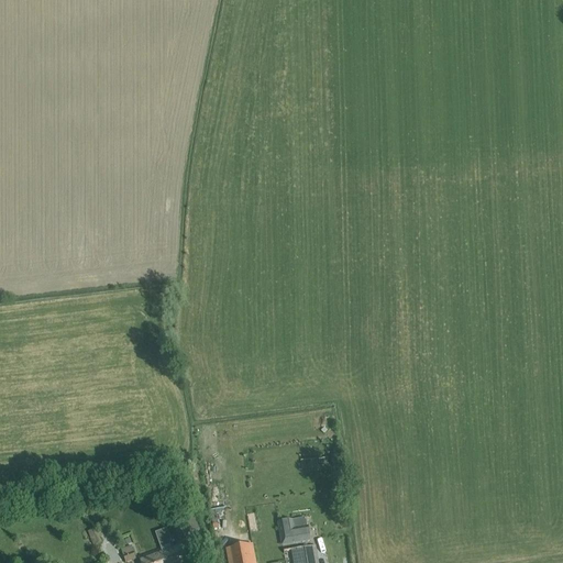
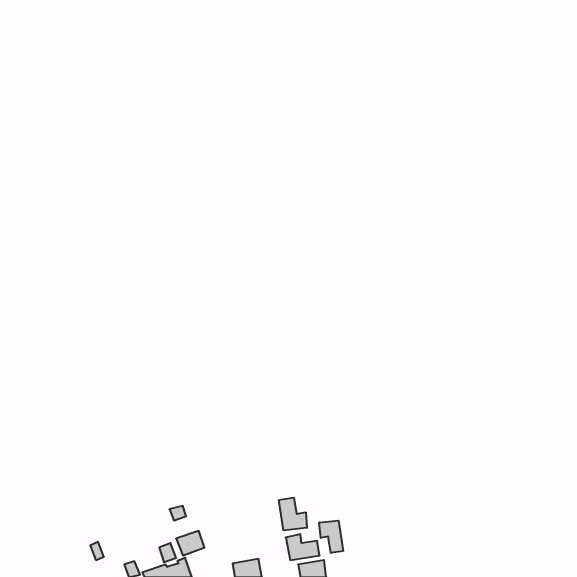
building: none -> [279,498,307,530]
building: none -> [319,521,343,553]

